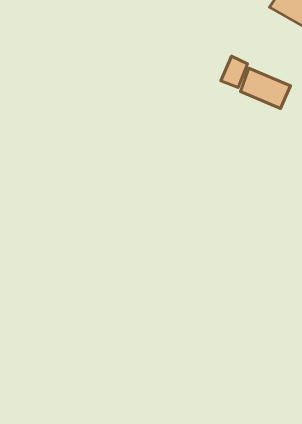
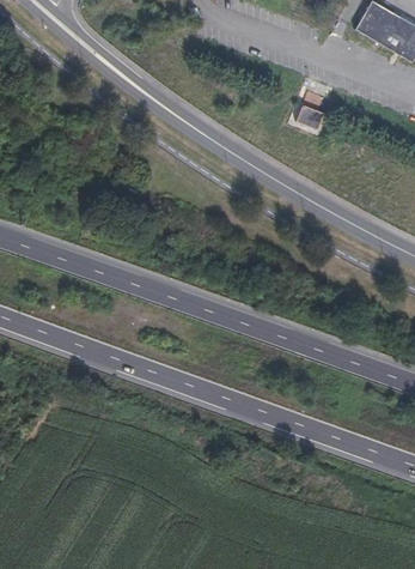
building: [241,68,291,108] -> none

